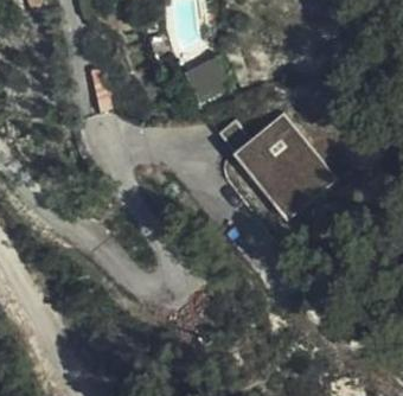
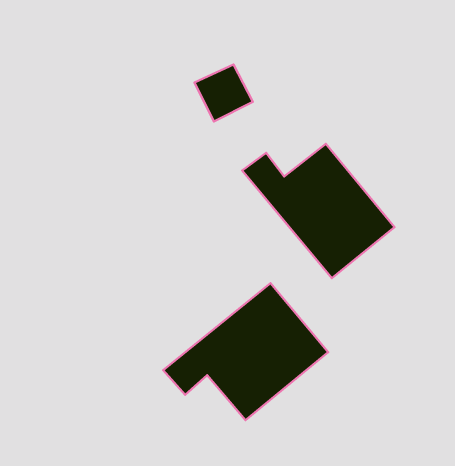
building: none -> [163,283,328,420]

